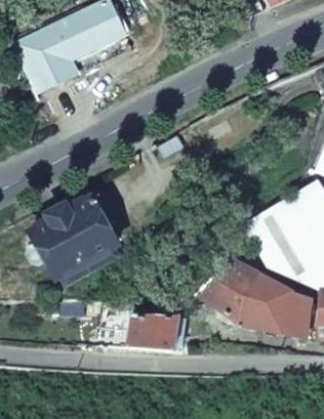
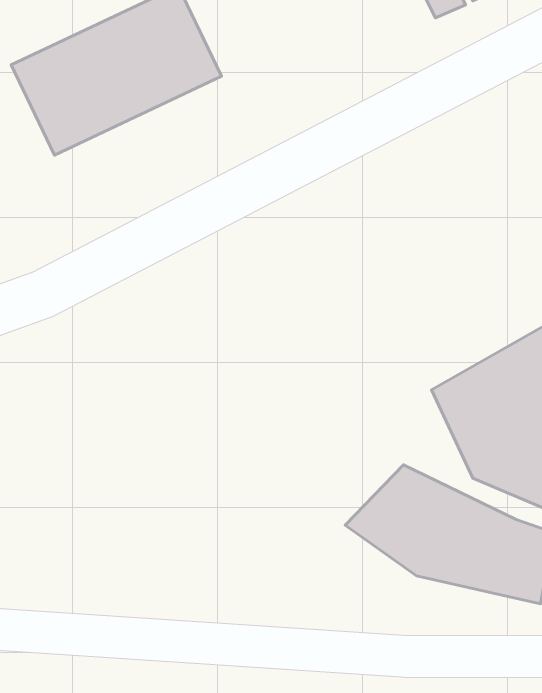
building: [27,196,116,278] -> none
building: [125,311,177,349] -> none

